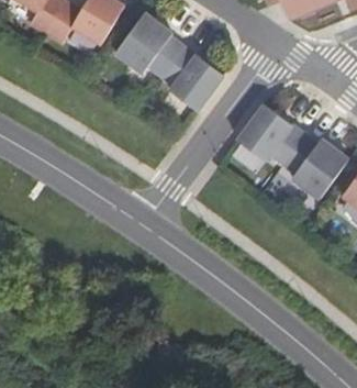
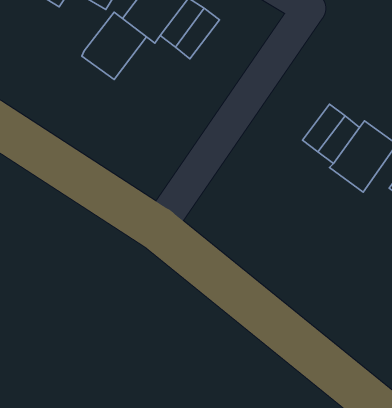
building: [170,53,225,110] -> [82,12,146,79]
building: [237,104,291,160] -> none

